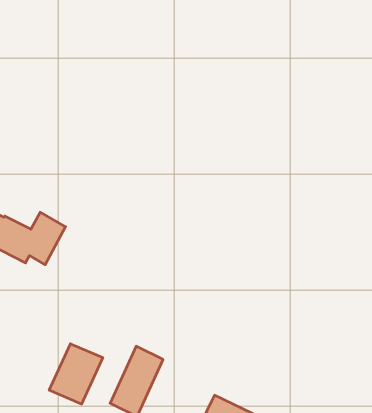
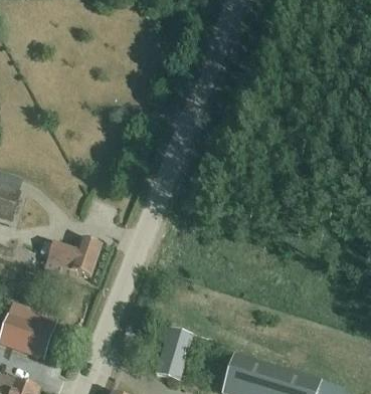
building: [49,344,103,404] -> none

